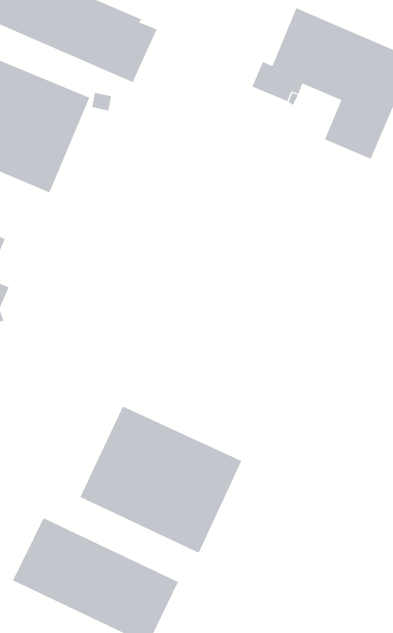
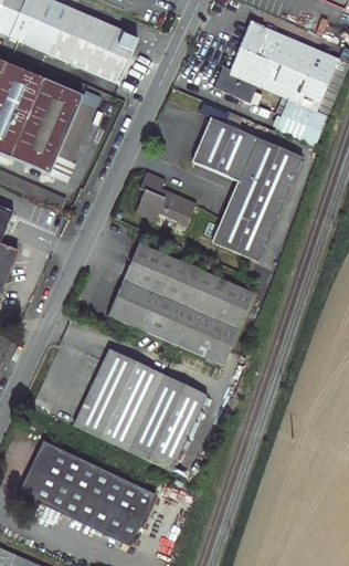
building: none -> [188,117,302,261]
building: none -> [135,171,195,224]
building: none -> [108,243,254,365]

